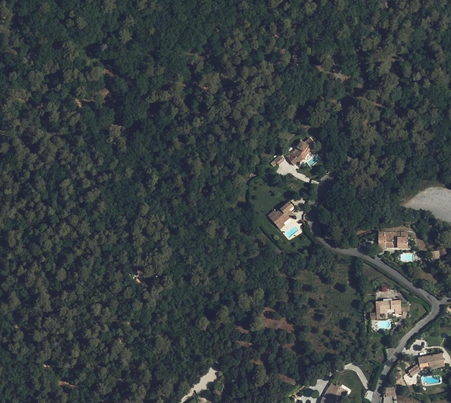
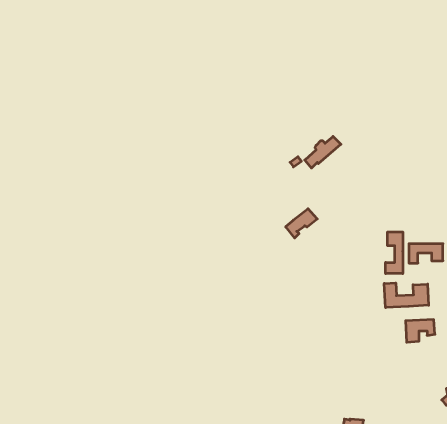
building: none -> [386,232,403,274]
building: none -> [384,283,429,308]

